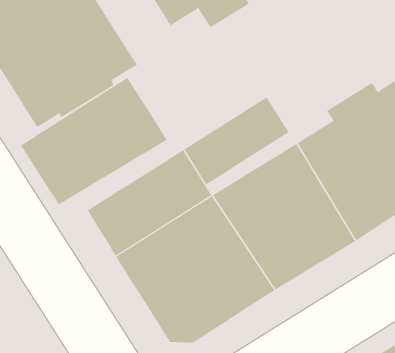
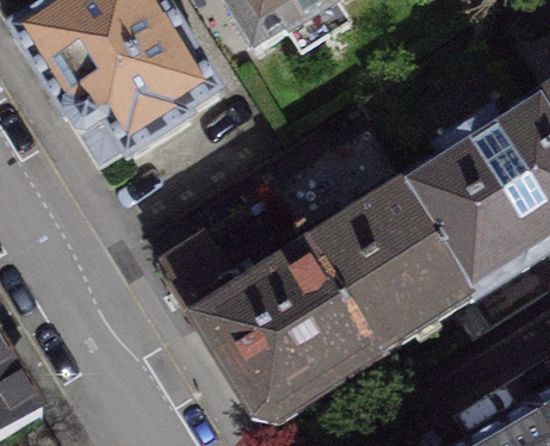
building: [20,77,168,205] -> none

